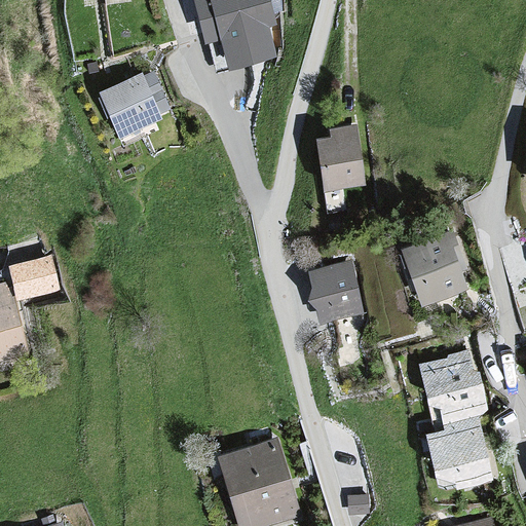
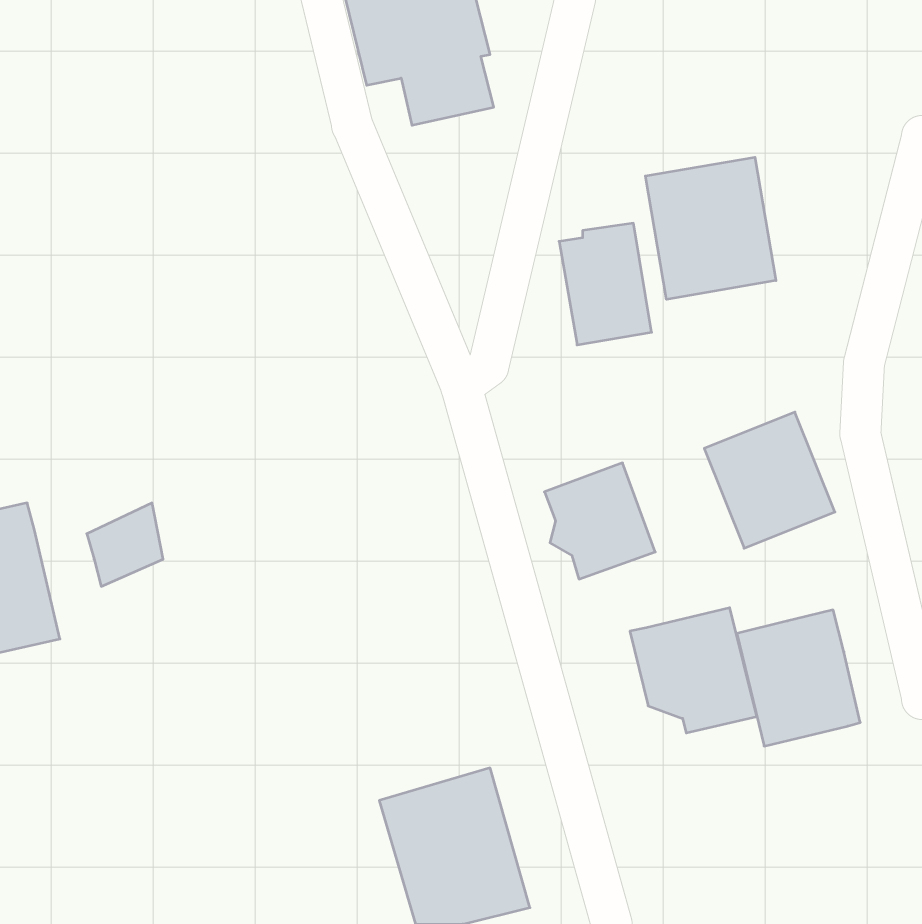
building: [95,71,166,134] -> none
building: none -> [645,157,776,299]
building: [11,253,54,300] -> [87,503,163,586]
building: [423,411,495,482] -> [630,608,757,733]

